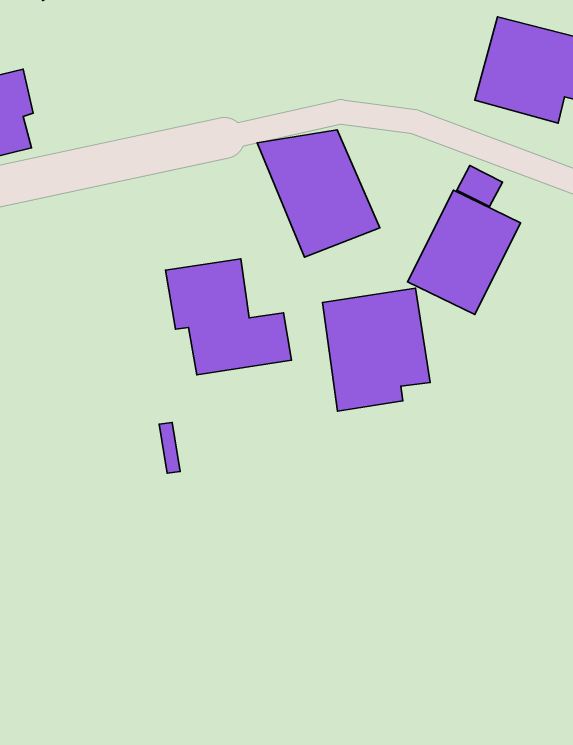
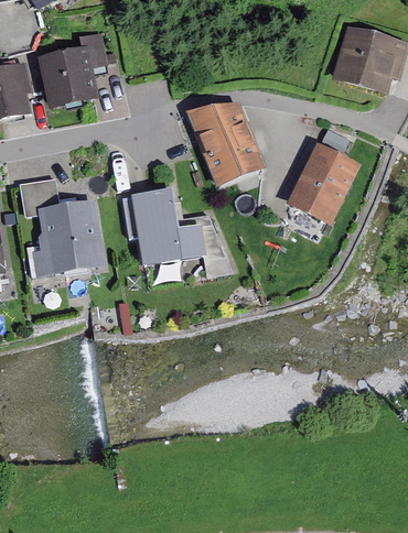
building: none -> [35,30,108,110]
building: none -> [19,175,105,272]
building: [323,288,430,411] -> none

